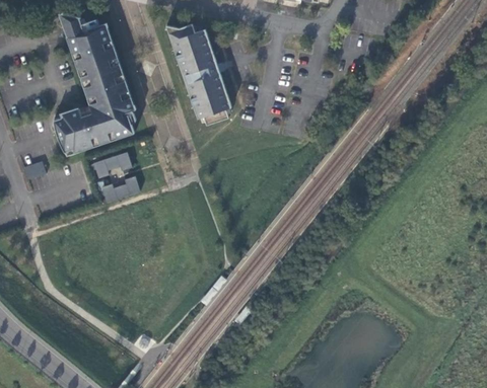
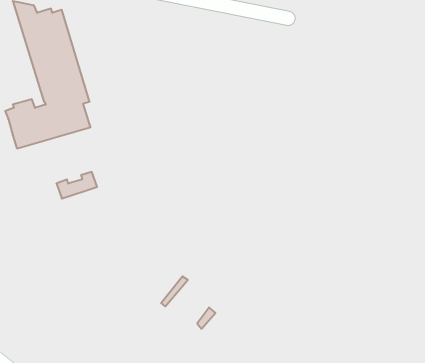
building: [167,22,230,124] -> none
building: [94,152,132,177] -> none

